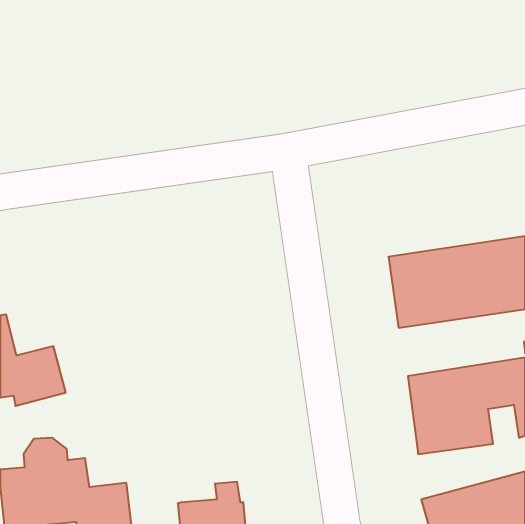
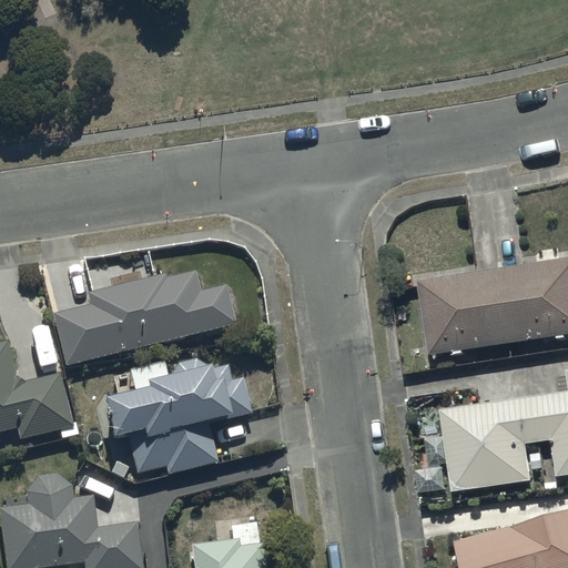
building: none -> [52,273,235,366]
building: none -> [103,359,251,475]

